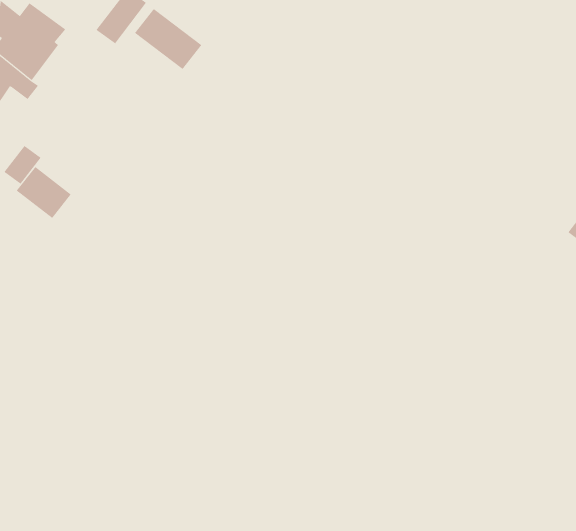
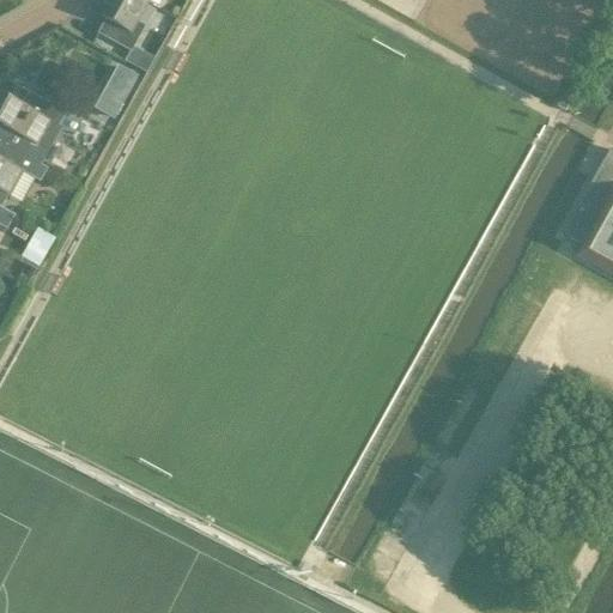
building: [134,8,202,70] -> none
building: [16,166,72,219] -> none

